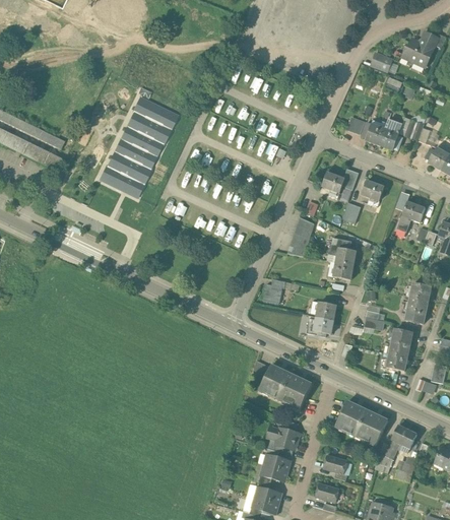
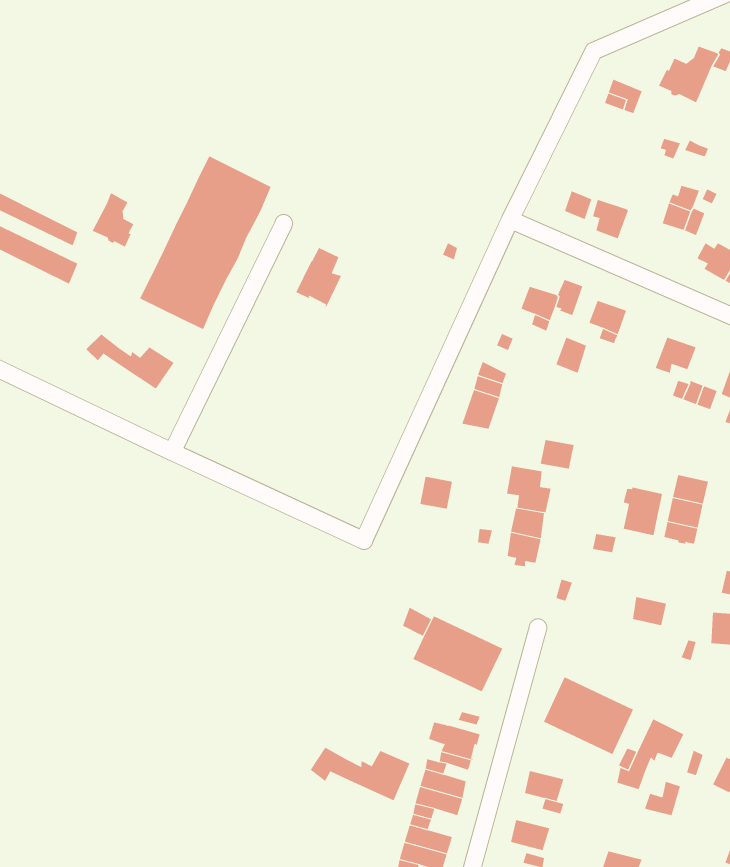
building: none -> [92,193,134,248]
building: [379,120,402,150] -> none
building: none -> [296,247,342,307]
building: none -> [85,333,175,389]
building: [330,238,357,265] -> [506,466,551,513]
building: [389,329,412,358] -> [623,487,663,536]
building: none -> [310,747,410,801]

